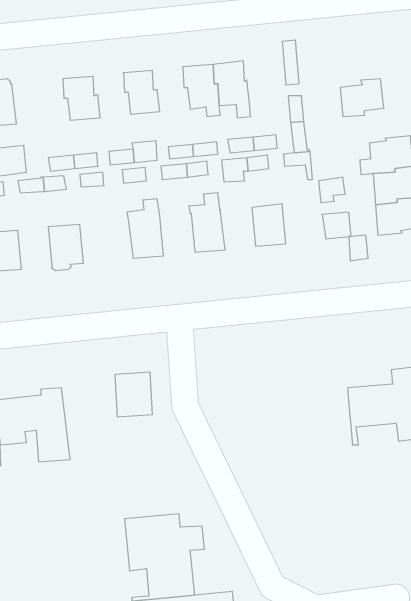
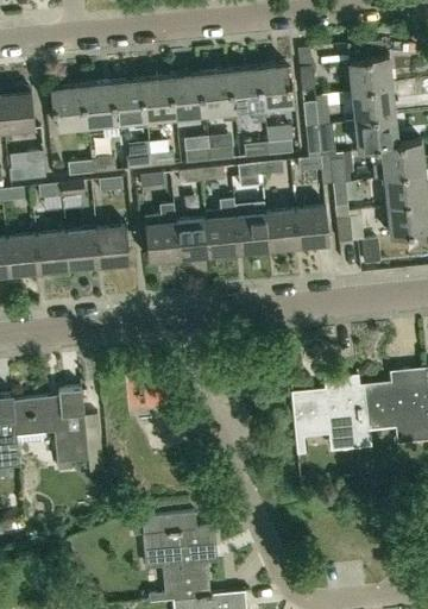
building: none -> [346,40,392,94]
building: none -> [258,65,295,109]
building: none -> [169,74,206,118]
building: none -> [111,80,147,130]
building: none -> [51,86,88,130]
building: none -> [355,114,398,152]
building: none -> [322,152,353,186]
building: none -> [296,206,329,247]
building: none -> [235,212,270,253]
building: none -> [176,218,210,259]
building: none -> [97,225,131,266]
building: none -> [37,231,70,272]
building: none -> [294,376,365,452]

